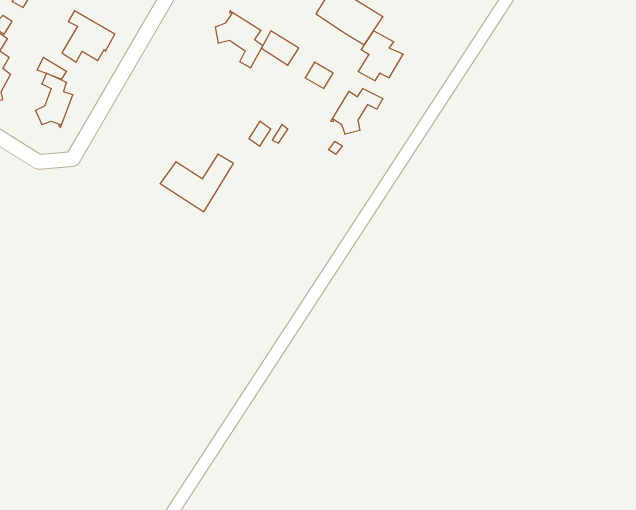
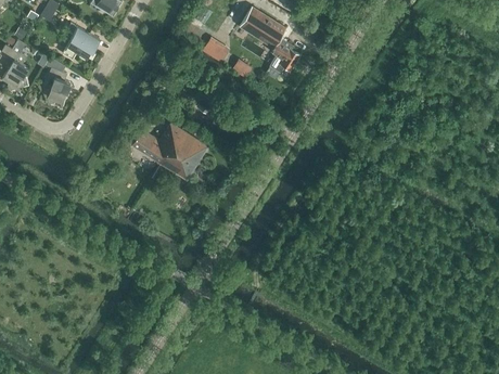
building: [216,11,263,68] -> none
building: [331,88,383,134] -> none
building: none -> [161,130,207,179]

